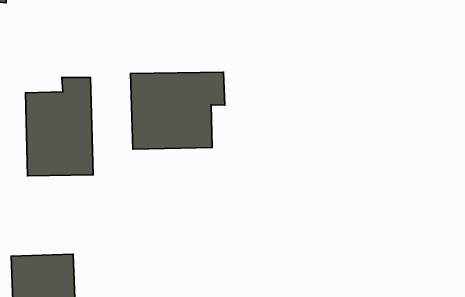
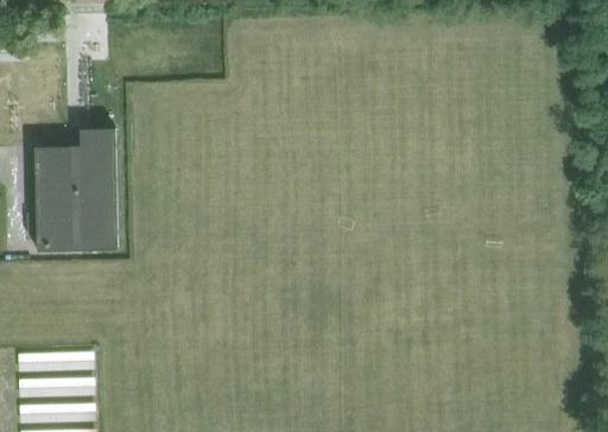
building: [131,72,225,149] -> none

